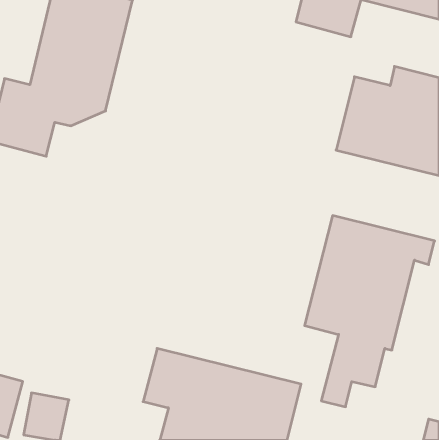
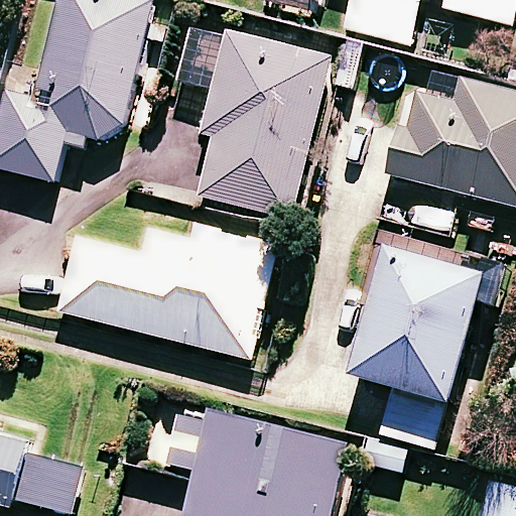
building: none -> [172,21,330,217]
building: none -> [58,226,276,356]

